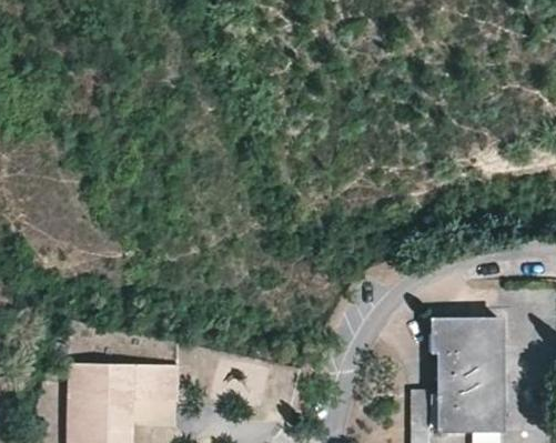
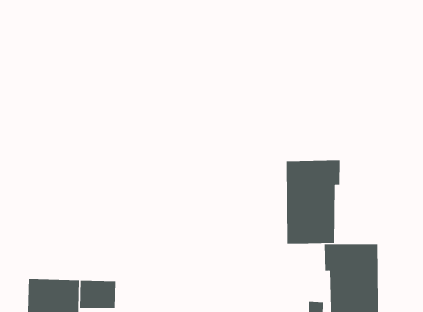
building: none -> [286,160,340,245]

